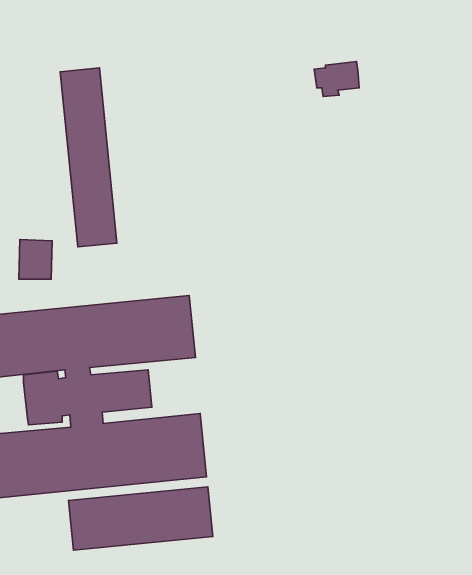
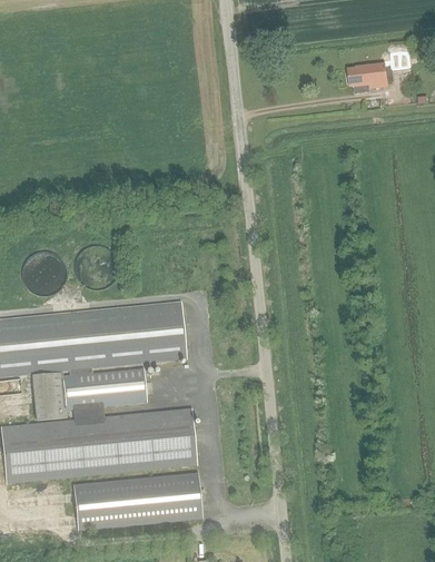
building: [314,62,359,96] -> [347,59,387,90]
building: [60,68,117,247] -> none

